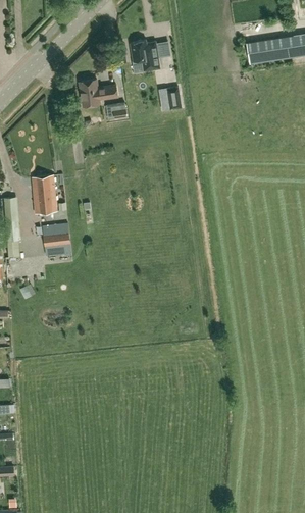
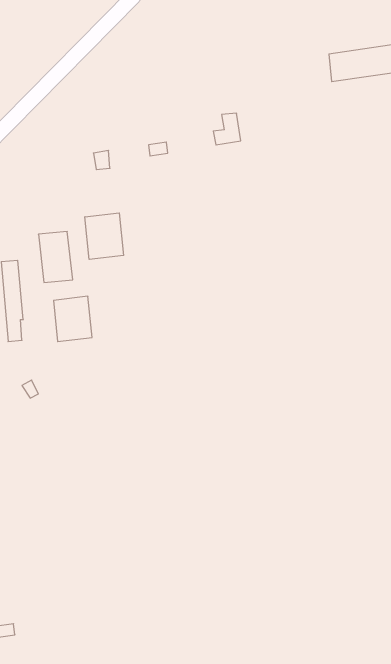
building: [130,41,159,71] -> none
building: [78,79,115,106] -> none
building: none -> [85,213,124,259]

